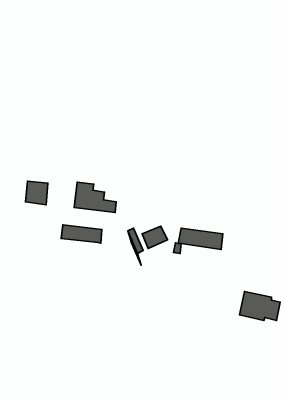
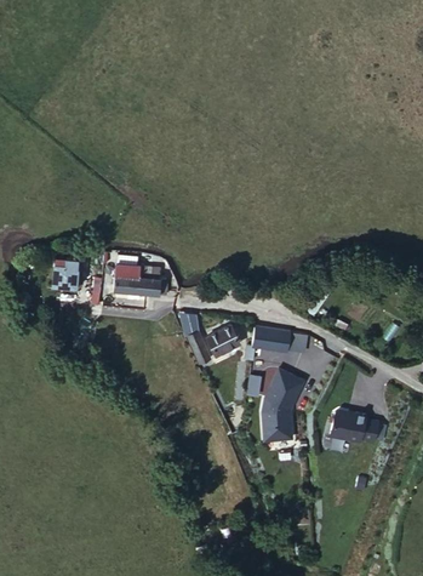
building: [61,225,102,243] -> none
building: none -> [261,367,304,444]

